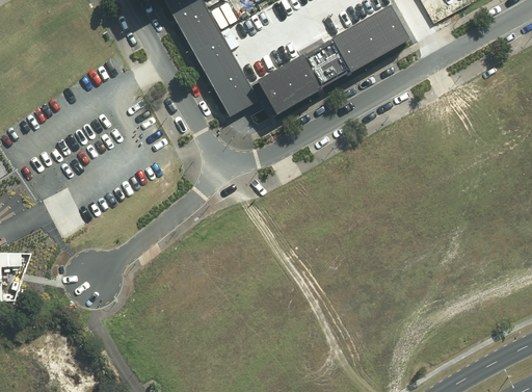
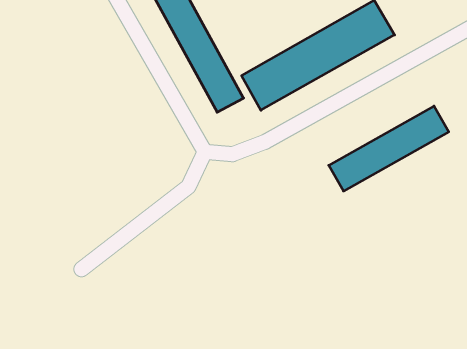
building: none -> [329,106,449,191]

